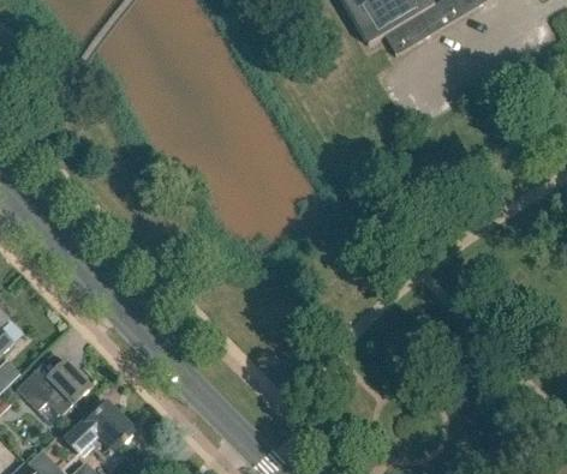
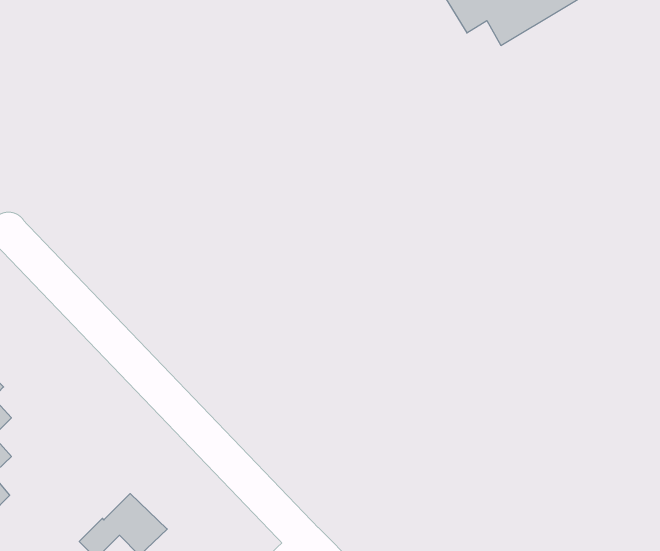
building: [18,360,89,414] -> none

